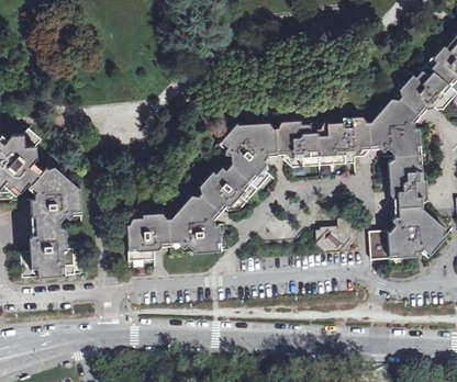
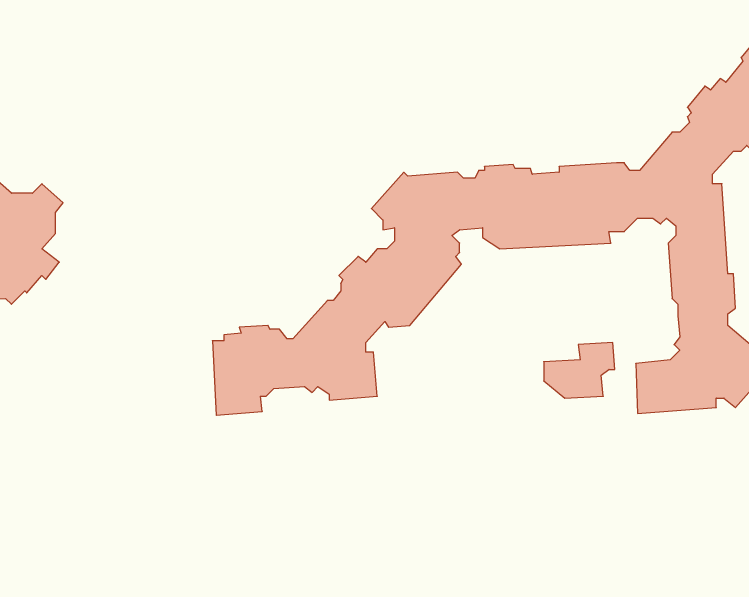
building: [19,166,80,278] -> none

